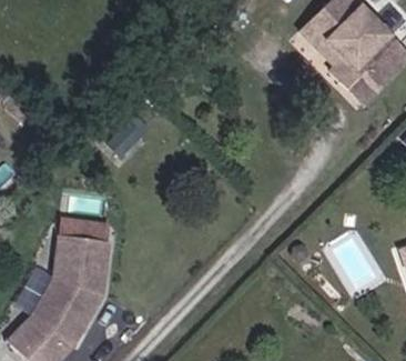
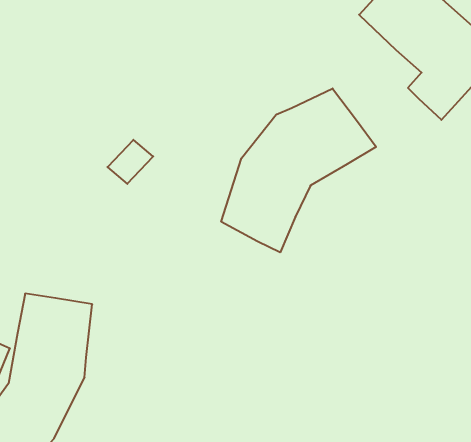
building: none -> [221,88,376,252]

